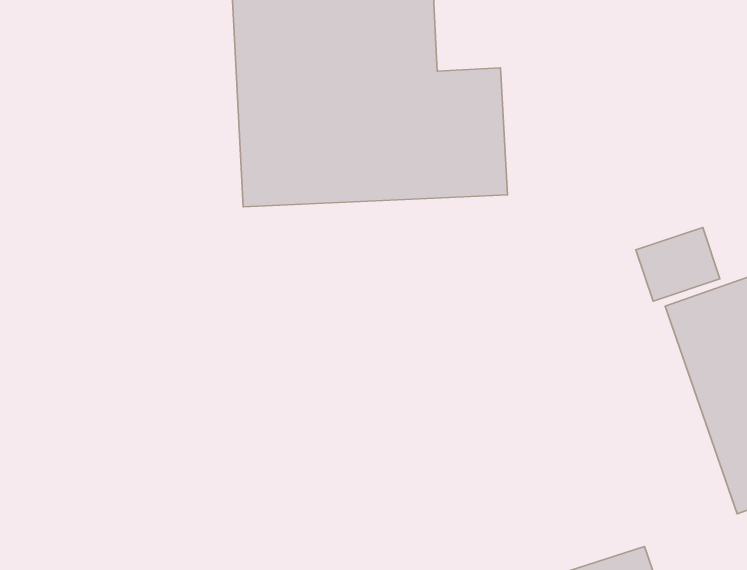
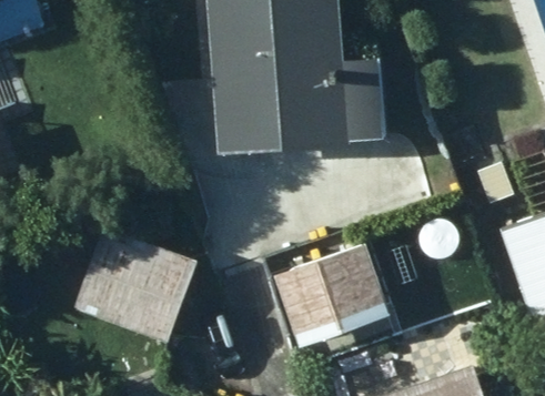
building: none -> [78,230,200,346]
building: none -> [275,246,390,346]

